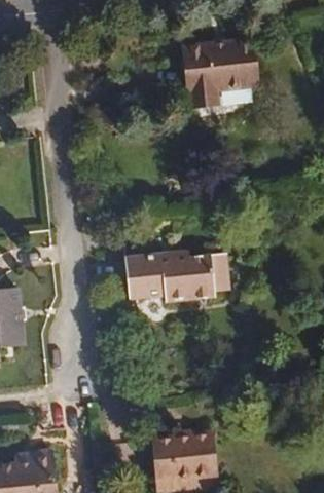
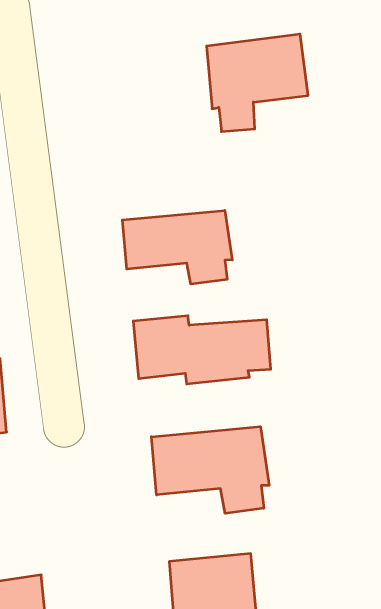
building: none -> [122,210,232,284]
building: none -> [151,427,269,513]

